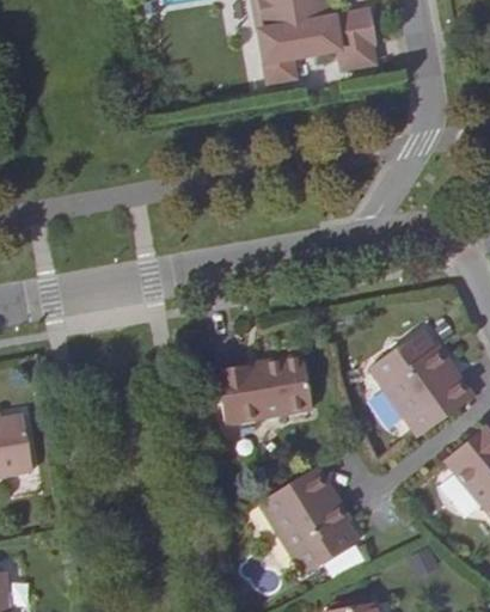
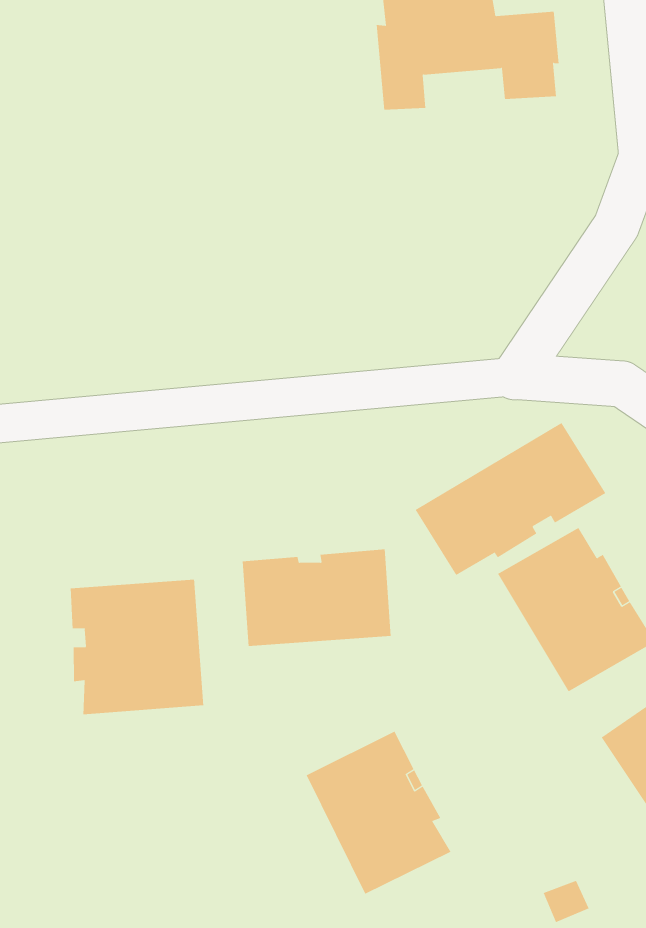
building: none -> [415,422,606,576]
building: none -> [70,579,204,715]

